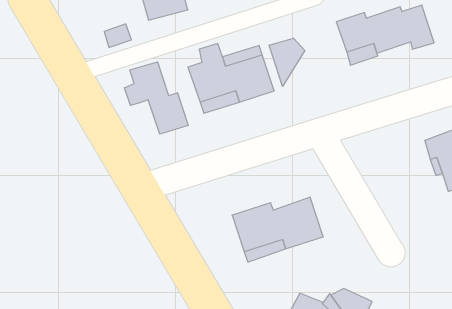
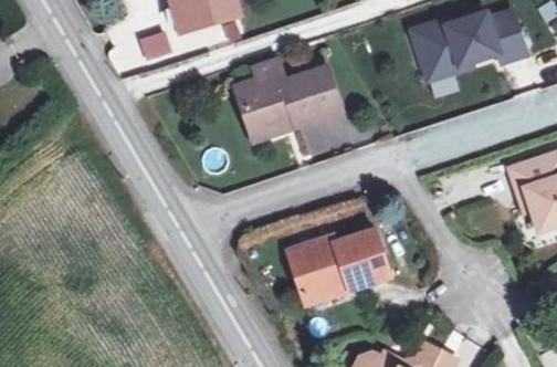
building: [269,38,305,86] -> none
building: [124,62,188,134] -> none

